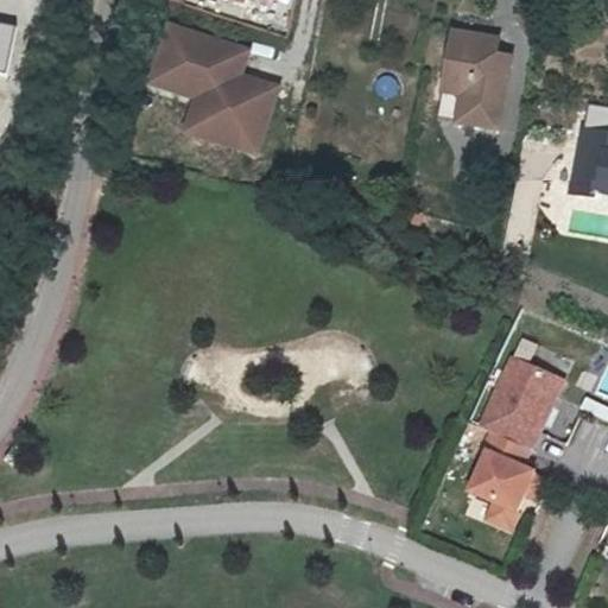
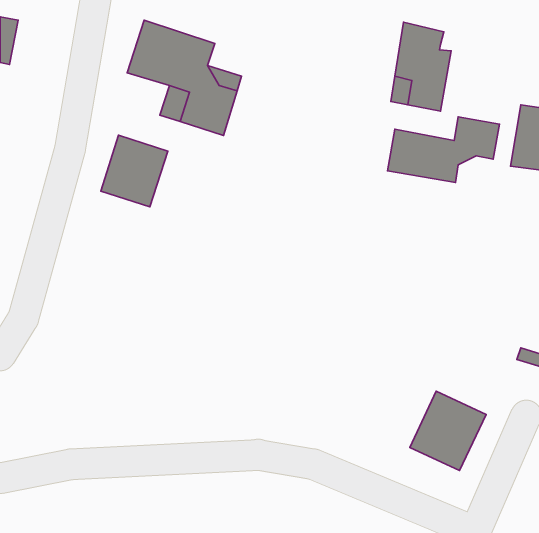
building: none -> [387,117,500,182]
building: none -> [101,135,168,207]
building: [480,349,572,448] -> none

